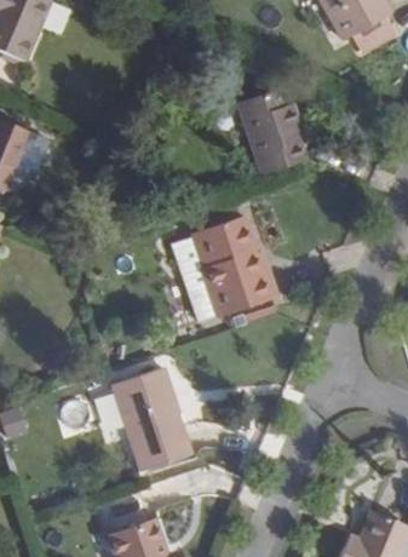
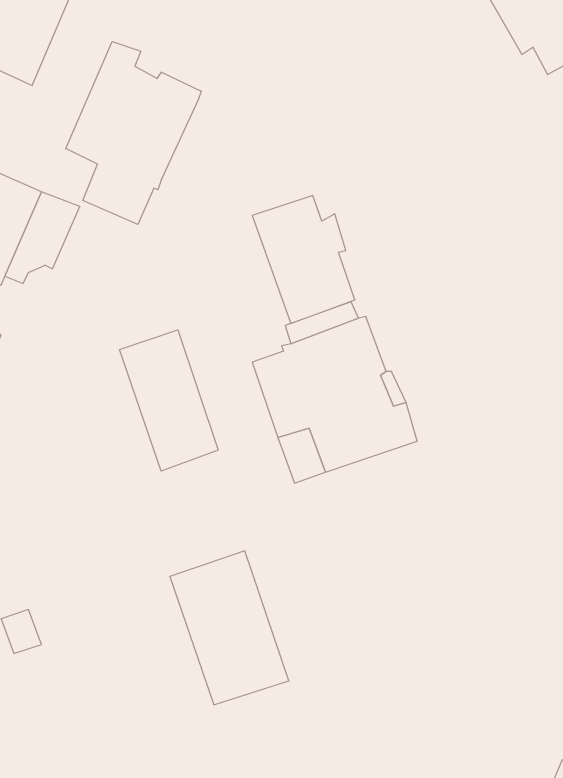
building: none -> [66,42,201,224]
building: [236,90,304,174] -> [252,195,355,324]
building: none -> [119,330,218,471]

